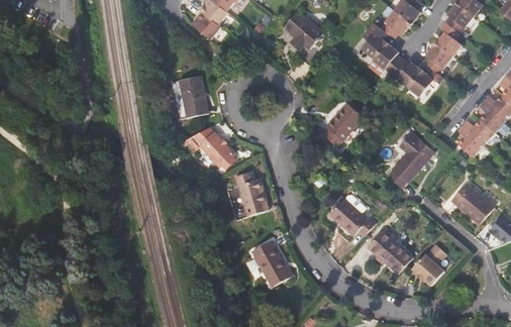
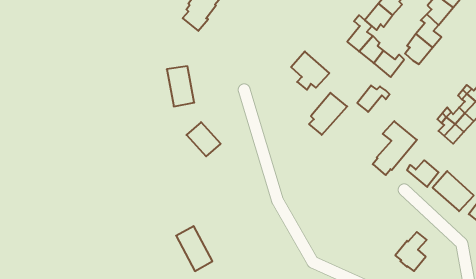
building: [282,15,321,54] -> [291,51,329,90]
building: [408,69,441,96] -> [357,85,390,112]
building: none -> [407,160,439,187]
building: [237,177,266,214] -> none
building: [331,199,377,236] -> none
building: [369,228,413,274] -> none
building: [251,238,289,285] -> [176,226,212,271]

